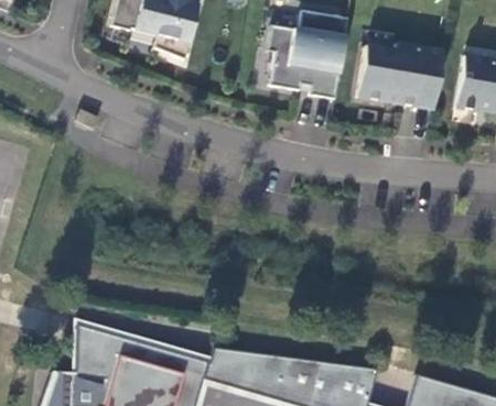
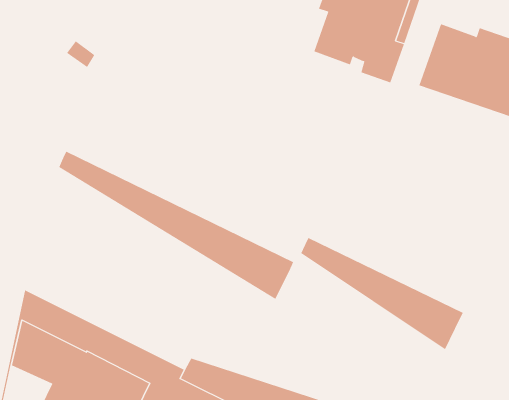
building: none -> [59,151,294,300]
building: none -> [301,237,463,350]

